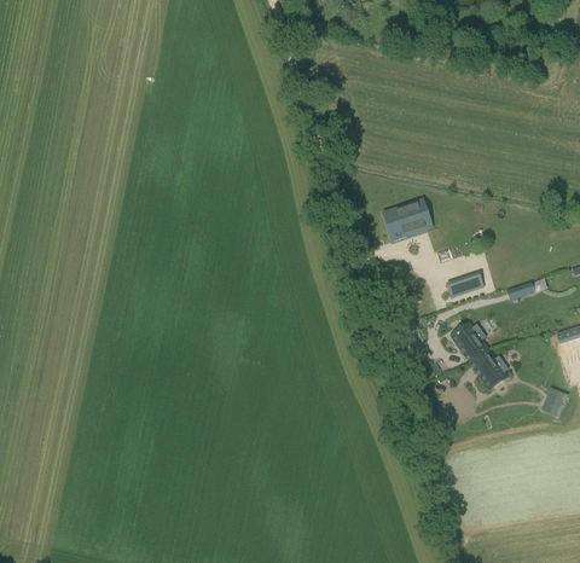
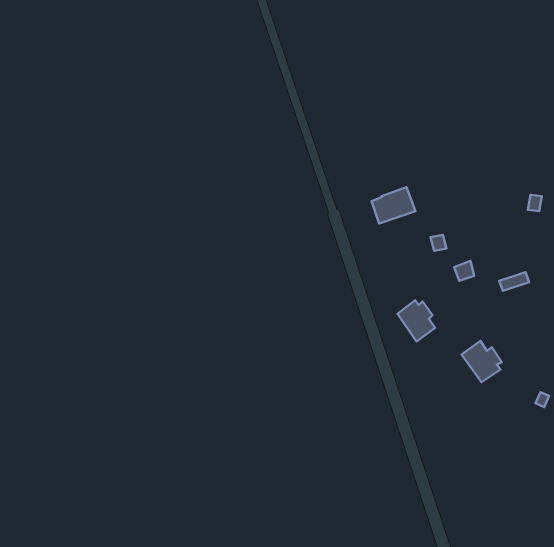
building: [452,323,488,362] -> [398,300,435,341]

